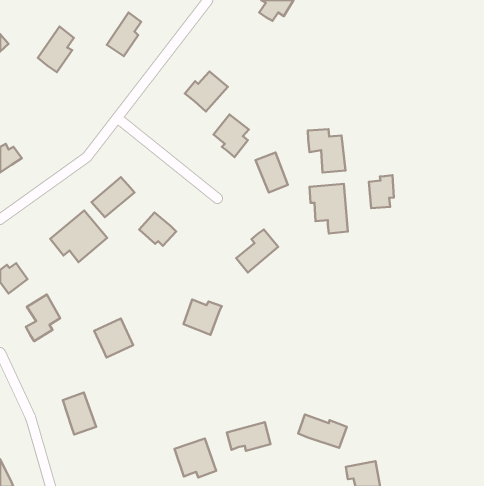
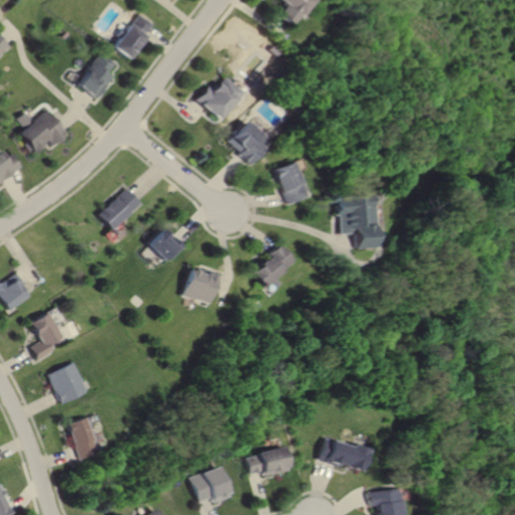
building: [38,26,74,72] -> [79,52,118,101]
building: none -> [20,110,69,153]
building: [308,129,345,172] -> none
building: [369,175,394,208] -> none
building: [50,210,107,262] -> none
building: [184,299,222,335] -> [182,269,222,306]
building: [94,318,133,358] -> [50,362,92,403]

